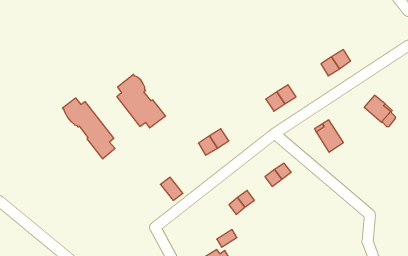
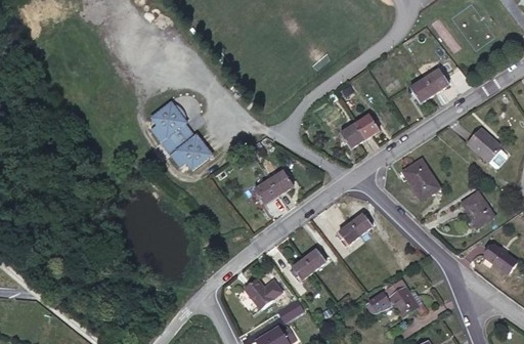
building: [62,98,115,159] -> none
building: none -> [461,190,494,226]
building: [160,177,183,200] -> [244,278,272,308]
building: none -> [483,244,516,273]
building: none -> [365,278,425,317]

